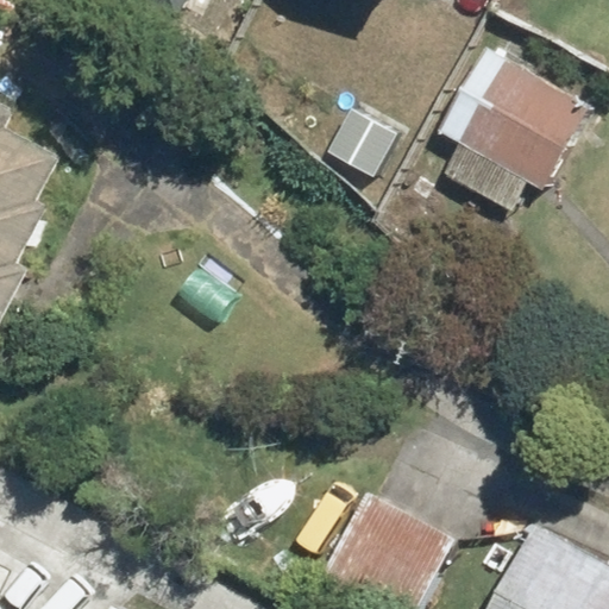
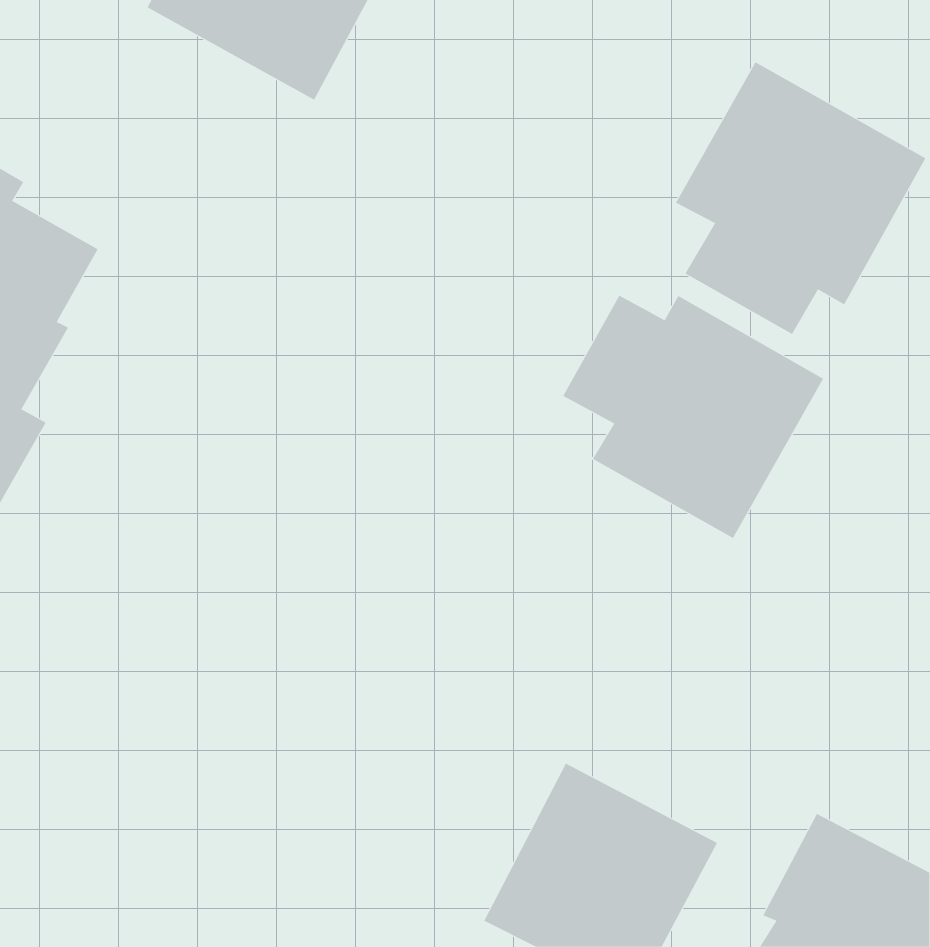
building: none -> [562,295,824,539]

